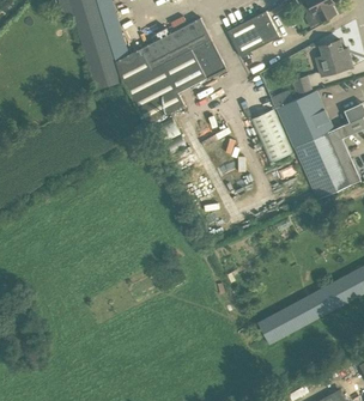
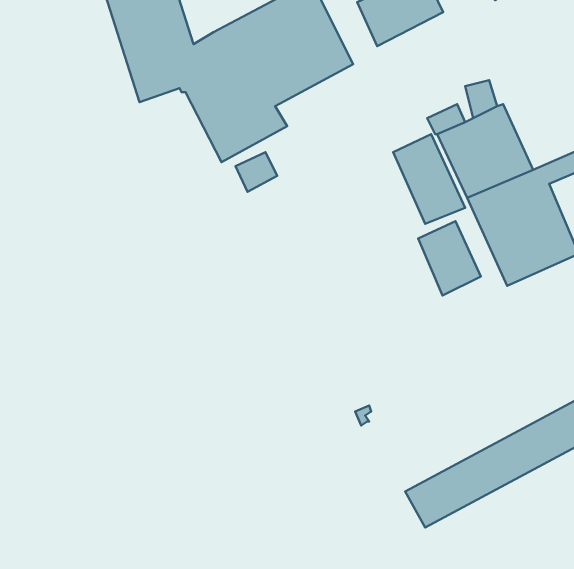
building: [315,40,352,75] -> none
building: none -> [418,221,481,295]

